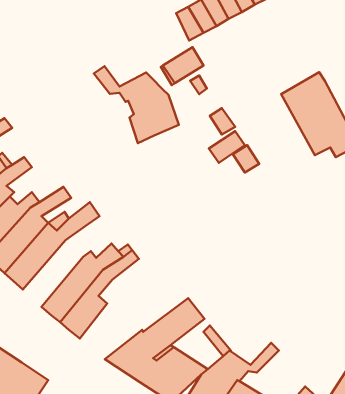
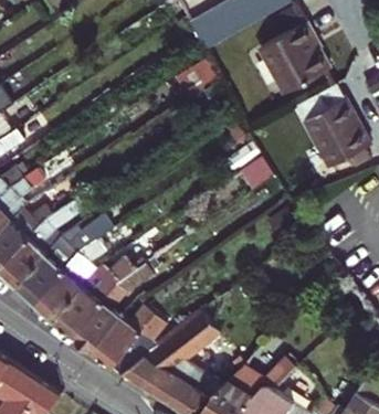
building: none -> [259,23,327,95]
building: [94,66,179,143] -> none
building: none -> [34,240,105,321]
building: none -> [92,306,165,374]

